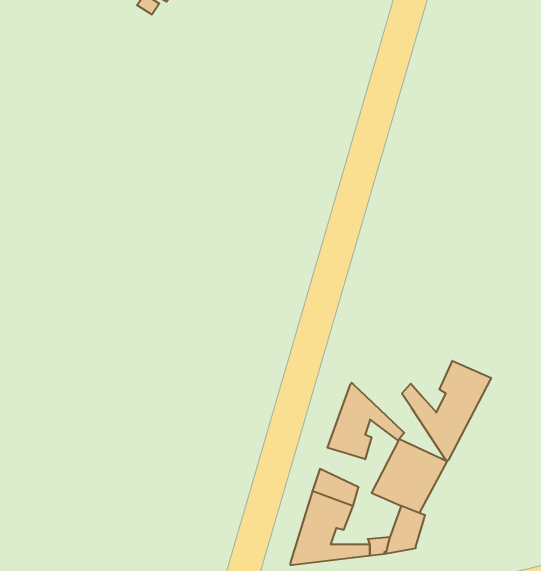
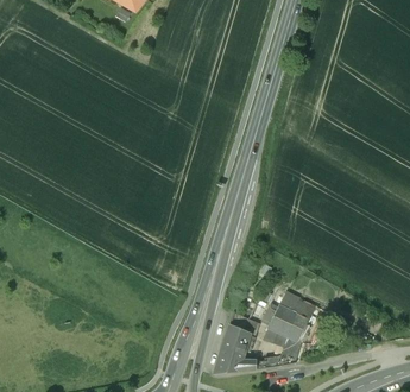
building: [402,361,491,461] -> none
building: [327,383,404,459] -> none

